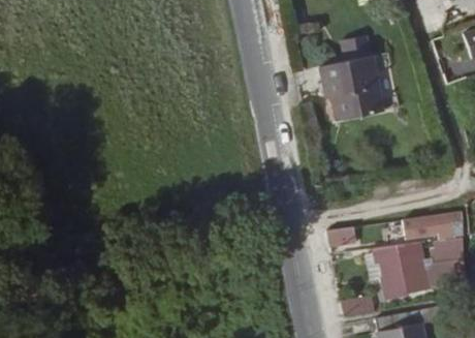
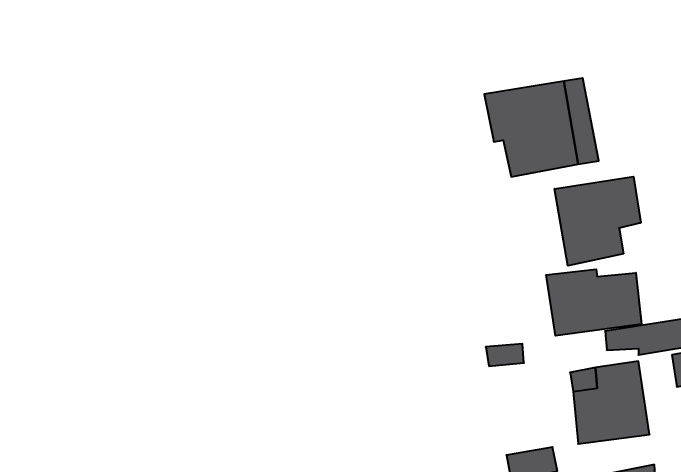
building: none -> [555,177,641,266]
building: none -> [546,269,642,336]

